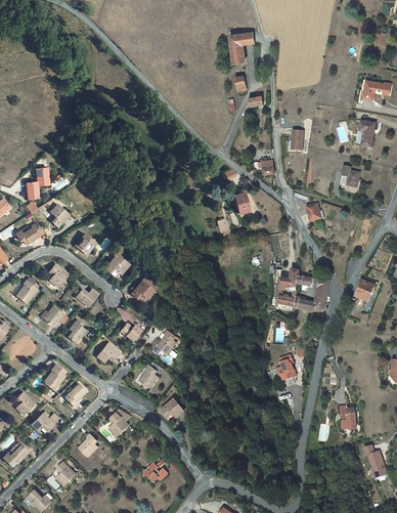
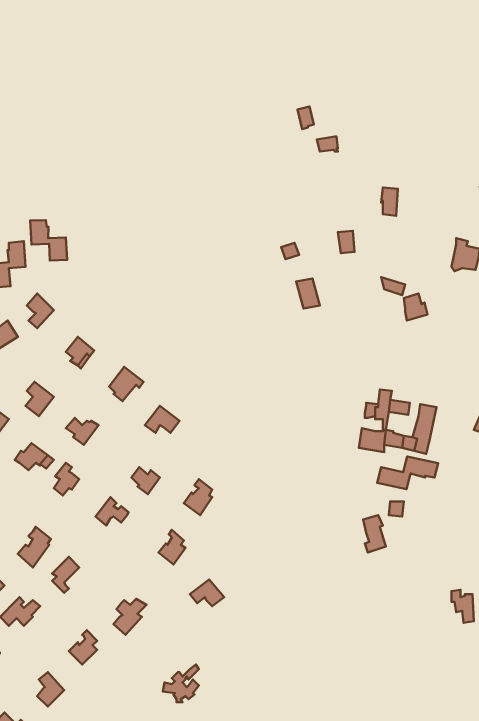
building: [229,32,254,62] -> none
building: none -> [30,220,67,261]
building: none -> [377,457,438,489]

